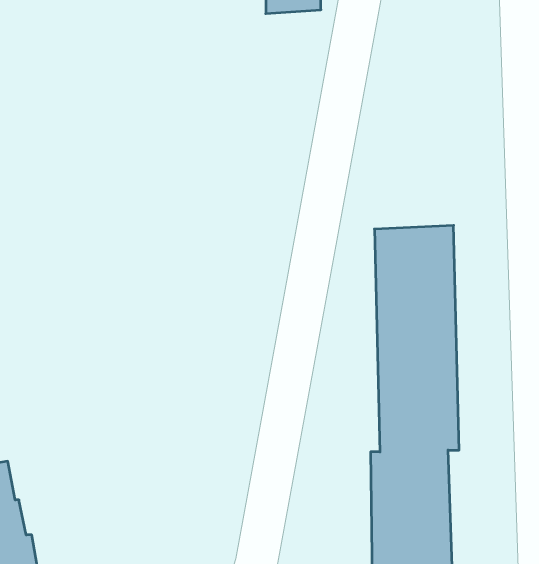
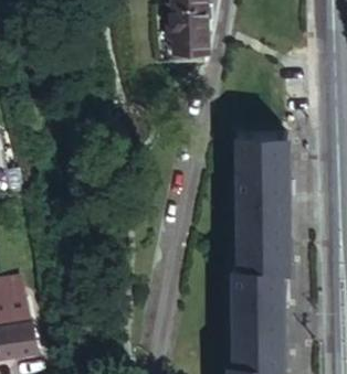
building: none -> [167,8,208,54]

